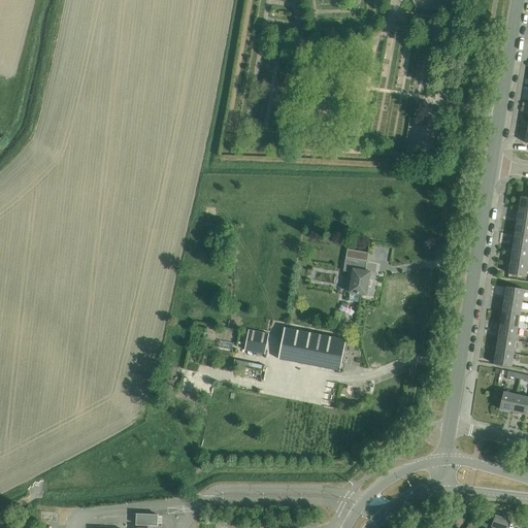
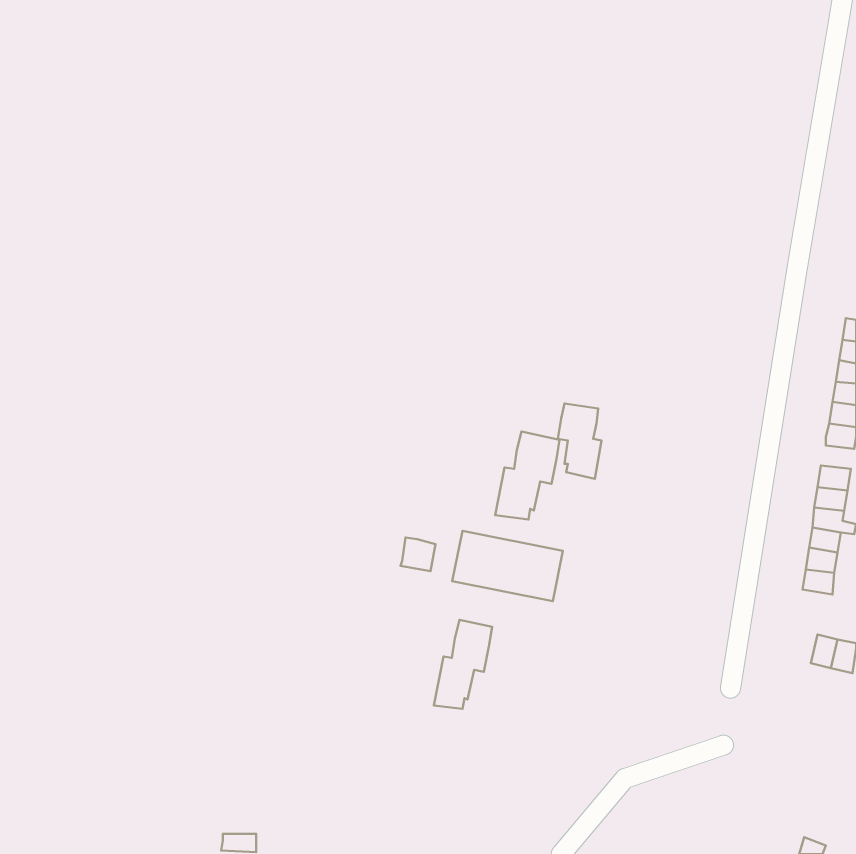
building: none -> [495,432,559,519]
building: none -> [434,620,492,709]

